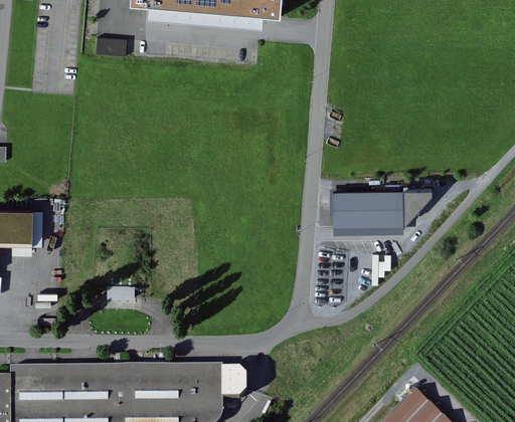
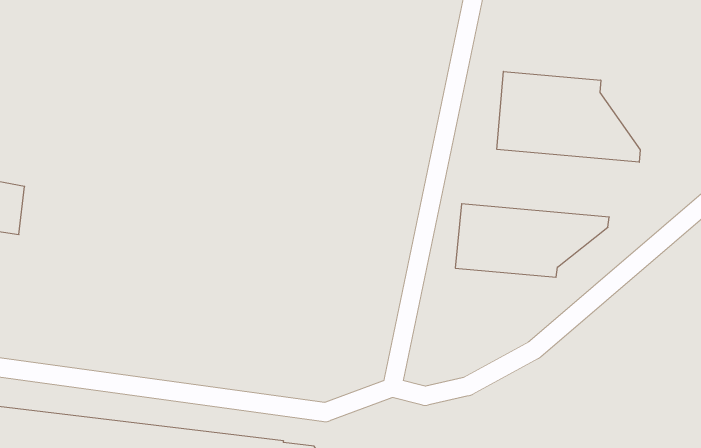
building: none -> [497,71,640,162]

